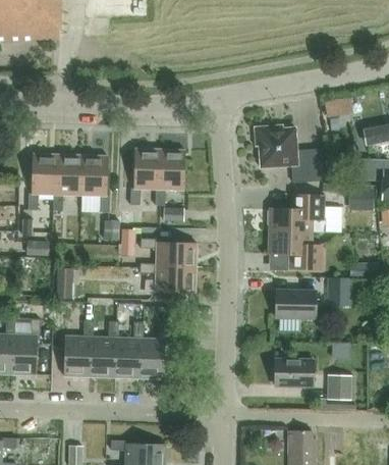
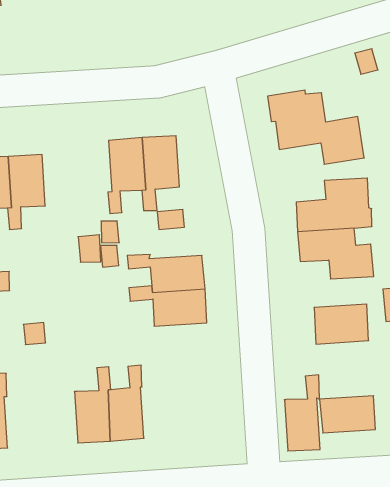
building: [81,156,109,211] -> none
building: [65,319,93,375] -> none
building: [140,321,168,377] -> [284,375,320,451]

